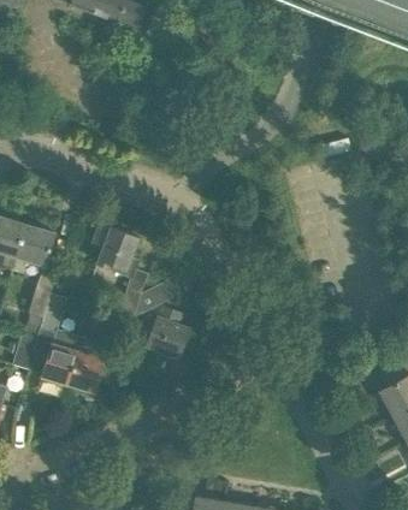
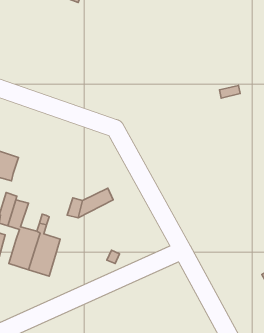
building: [91,226,138,280] -> none
building: [131,309,187,360] -> none

